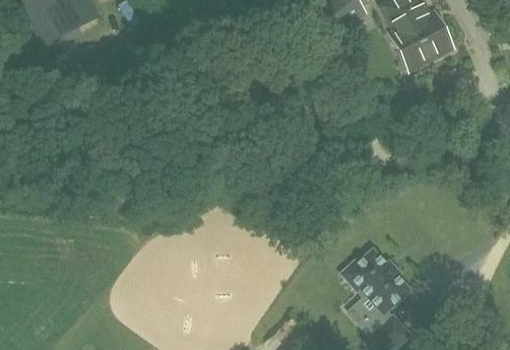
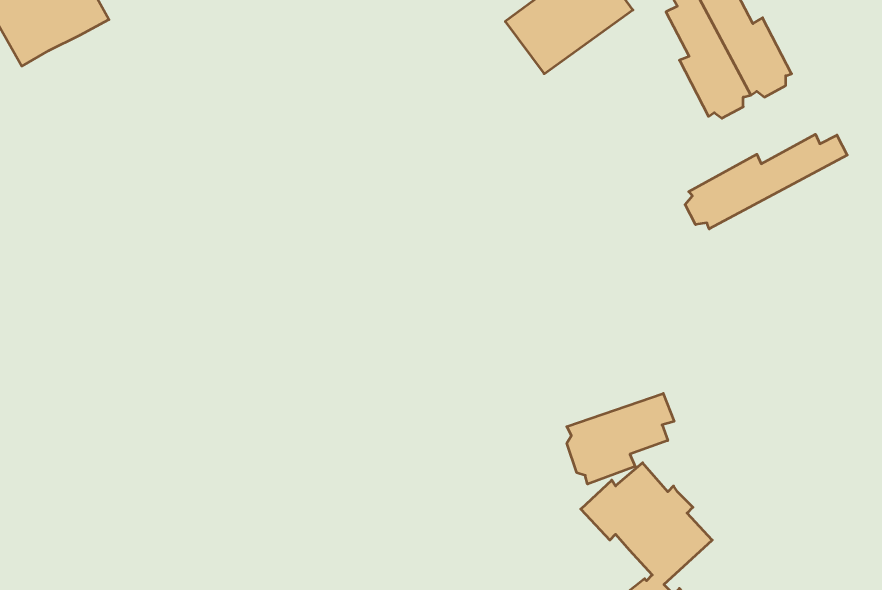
building: none -> [685,134,847,229]
building: none -> [567,393,674,484]

